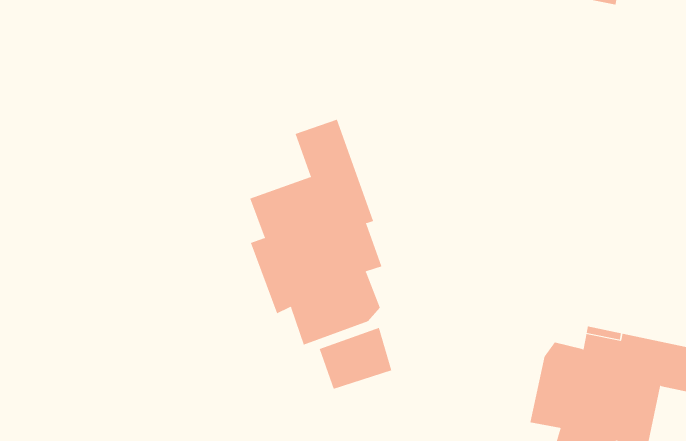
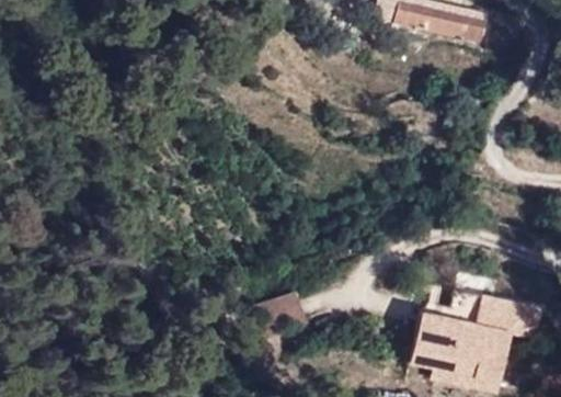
building: [250,119,382,345] -> none

